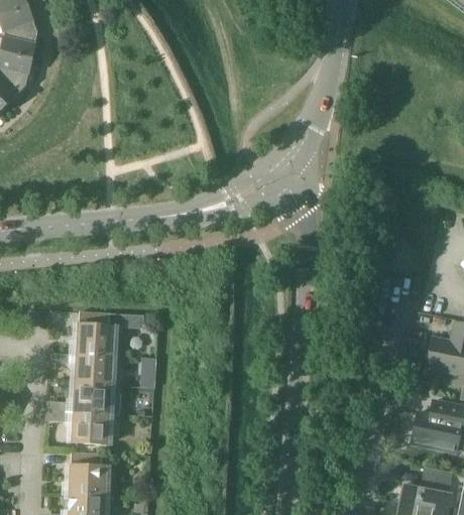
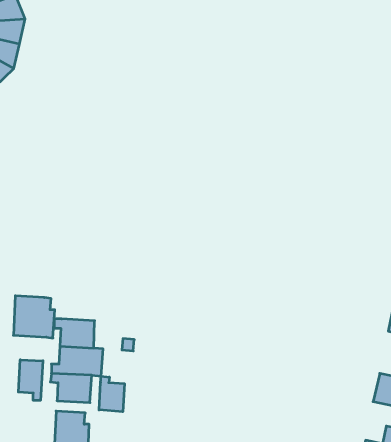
building: [77,313,121,359] -> [13,296,55,338]
building: none -> [18,360,43,400]
building: none -> [99,376,124,412]

